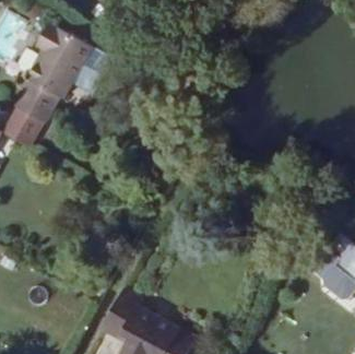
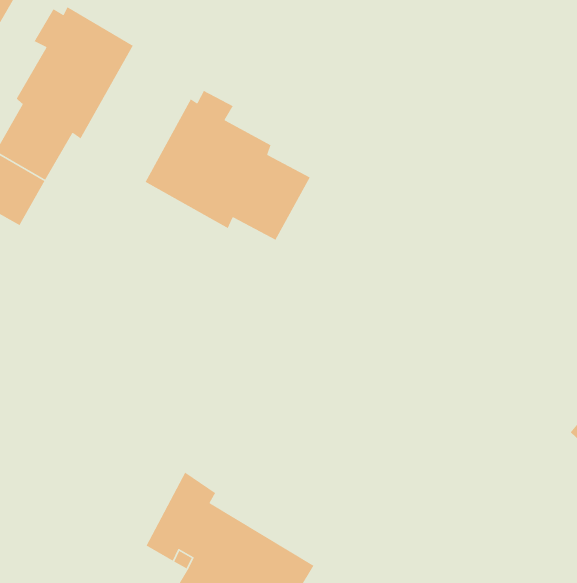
building: none -> [145,90,311,241]

